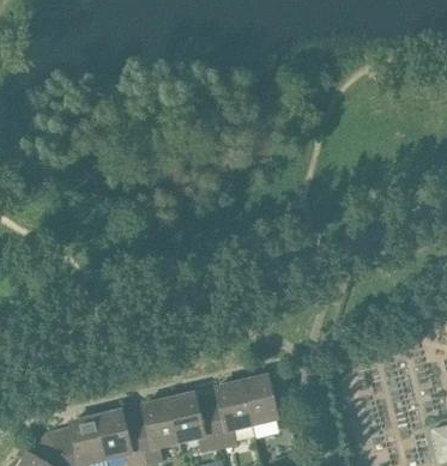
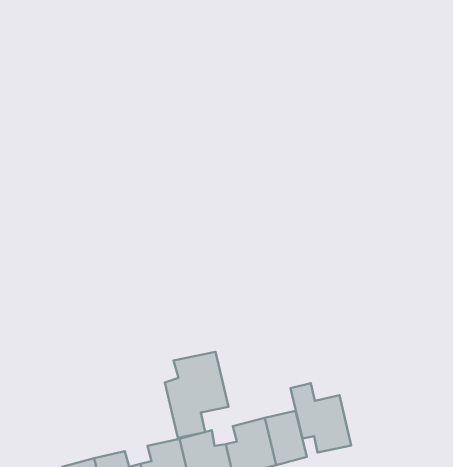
building: none -> [165,352,228,438]
building: none -> [291,383,351,453]

